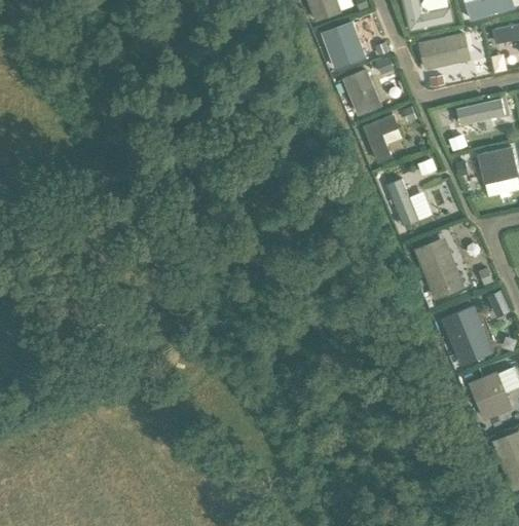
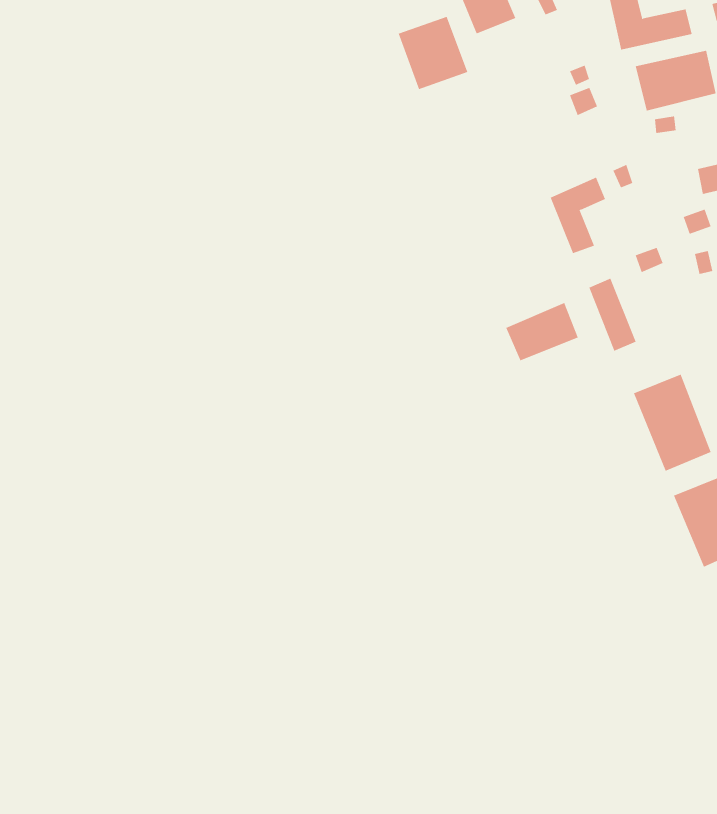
building: [321,21,366,68] -> [398,16,468,90]
building: [341,69,381,117] -> none
building: none -> [506,302,579,361]

